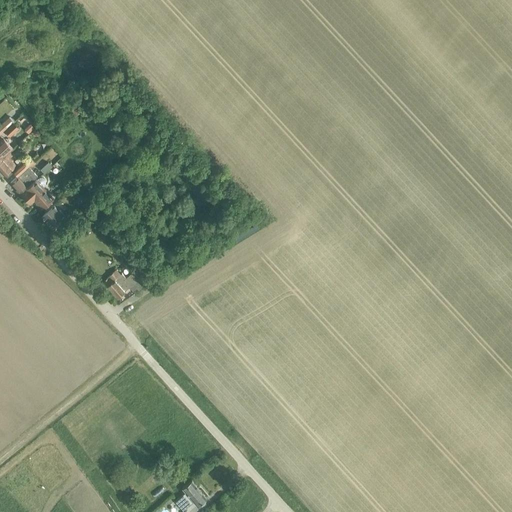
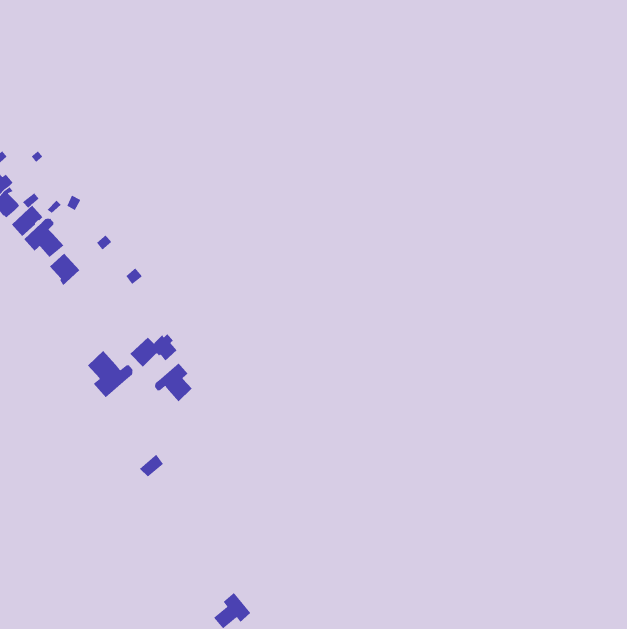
building: none -> [87,350,133,398]
building: none -> [154,362,192,402]

